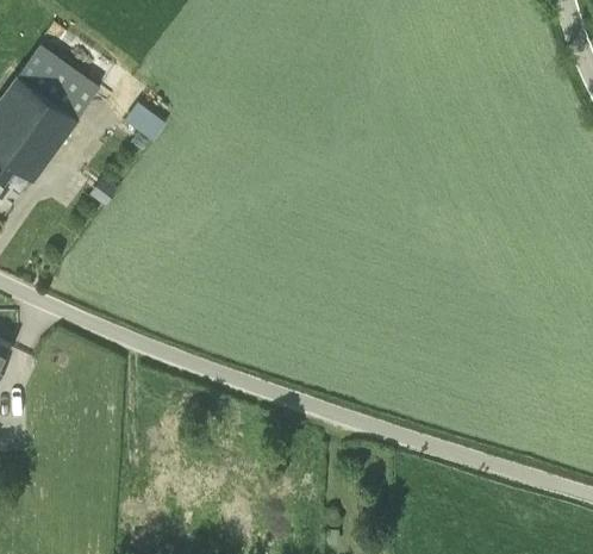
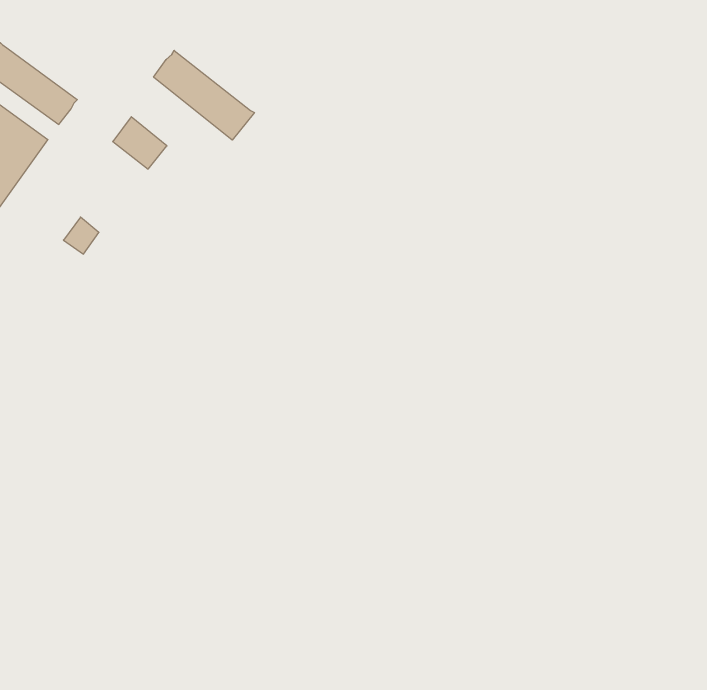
building: none -> [154,50,254,140]

